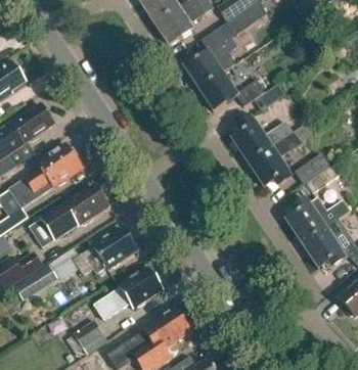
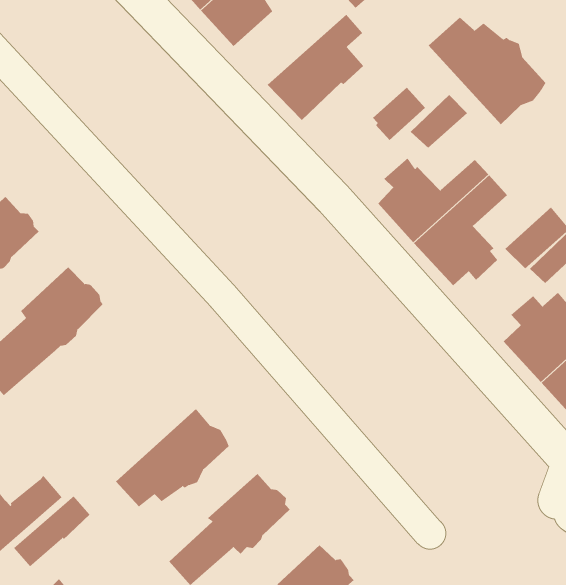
building: none -> [428,17,546,125]
building: [199,71,238,110] -> none
building: [30,185,107,246] -> none

